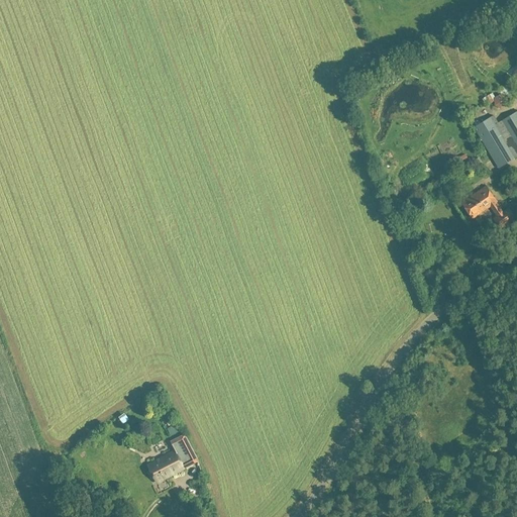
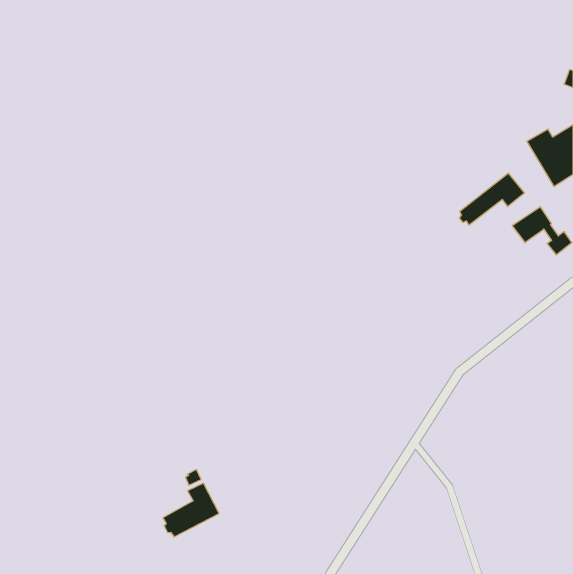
building: none -> [459,173,524,225]

